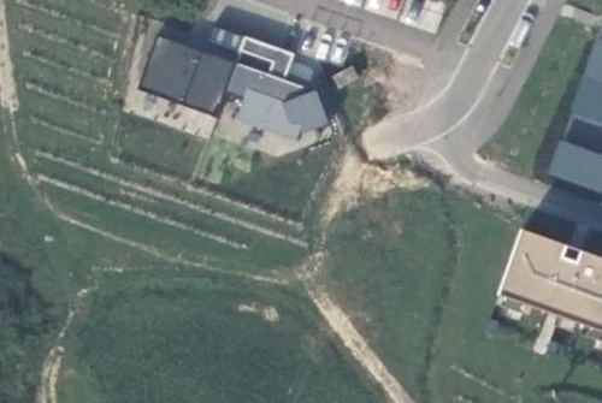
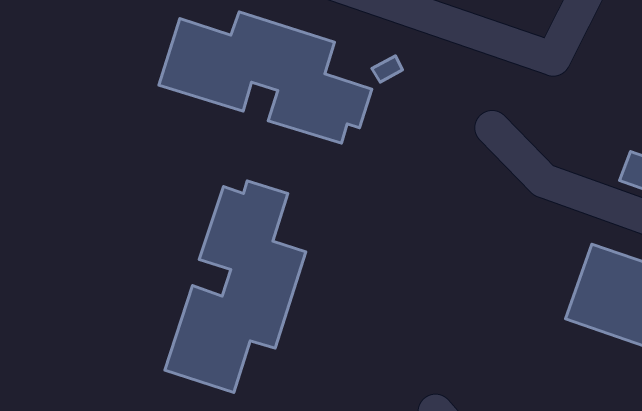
building: none -> [165,181,306,393]

